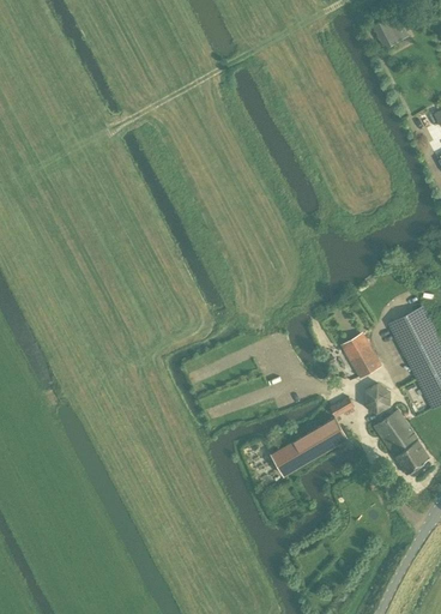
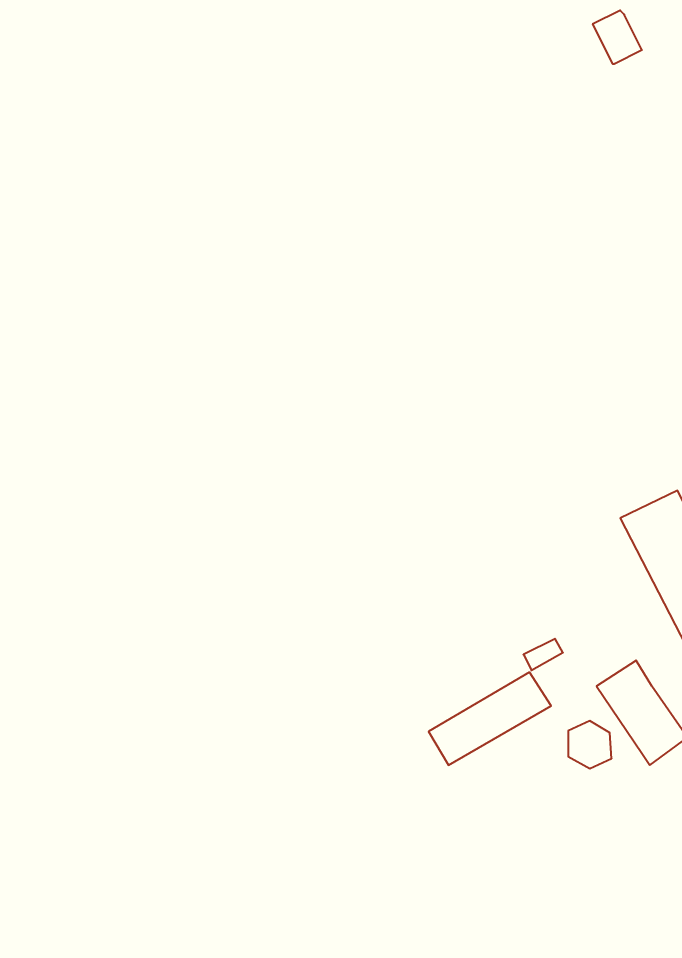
building: [343,333,379,375] -> none
building: [363,384,389,413] -> [568,721,612,768]

